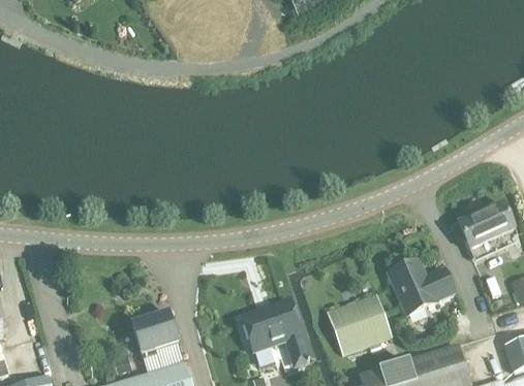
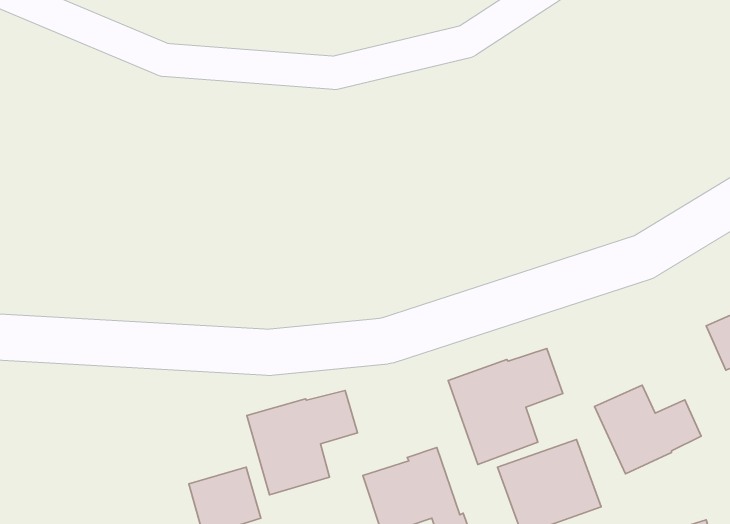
building: none -> [448,349,563,464]
building: none -> [247,390,357,495]

